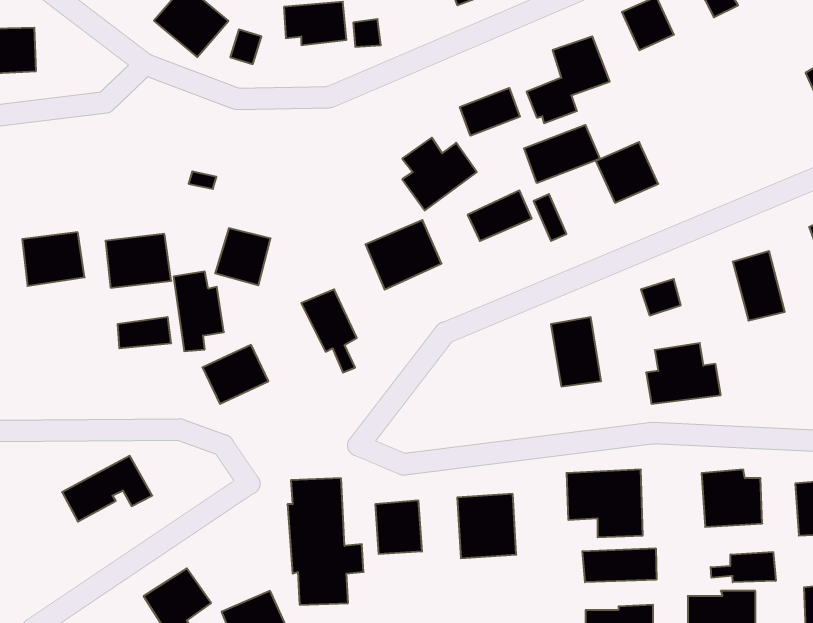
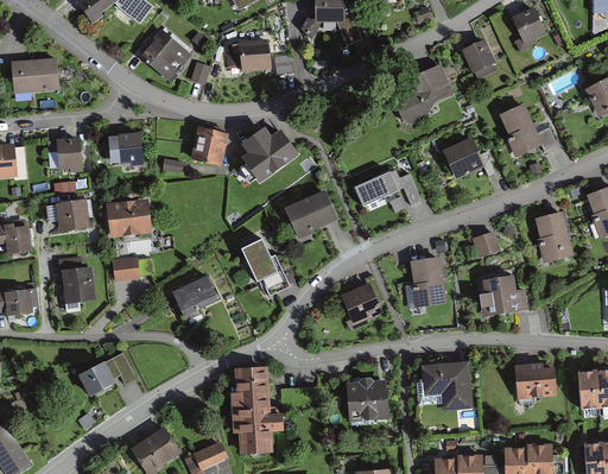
building: [460,88,520,136] -> none
building: none -> [500,103,558,158]
building: [524,125,600,183] -> none
building: none -> [116,133,141,164]
building: [402,138,477,210] -> [243,128,294,178]
building: none -> [56,138,81,171]
building: [215,228,271,285] -> [190,126,228,165]
building: [174,271,224,351] -> [58,255,93,310]
building: none -> [337,284,380,324]
building: [376,500,422,554] -> none
building: [583,548,656,582] -> none
building: [711,552,776,582] -> none

